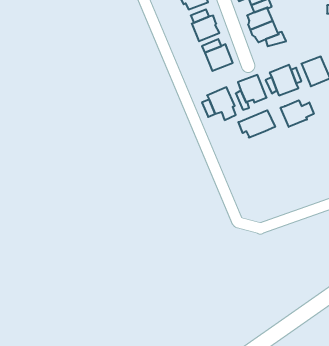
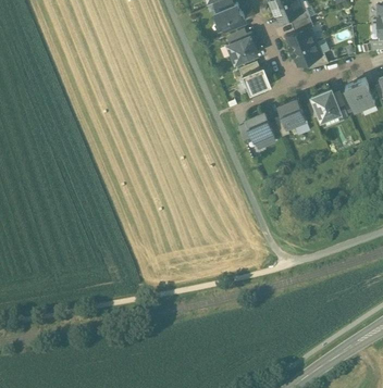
building: [281,100,314,127] -> none
building: [238,110,275,138] -> none

